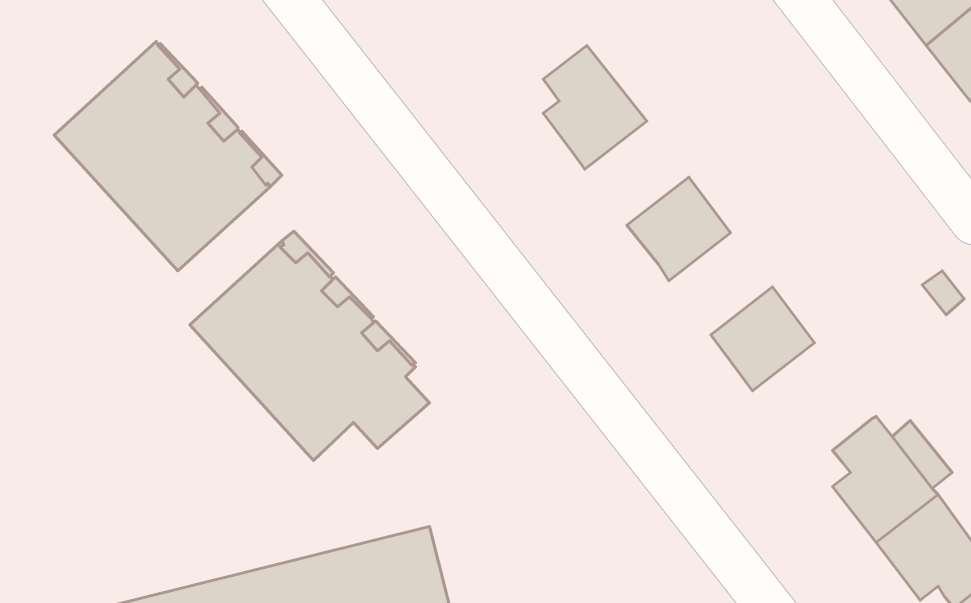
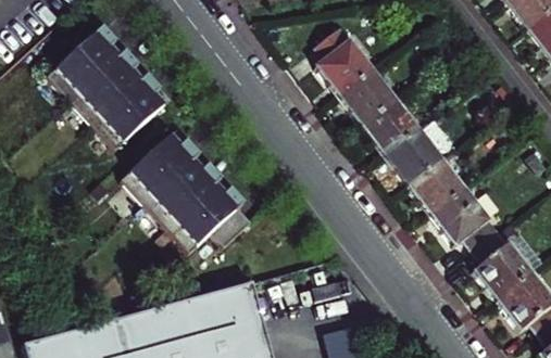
building: none -> [338,67,395,124]
building: none -> [384,128,440,183]
building: none -> [429,188,494,255]

